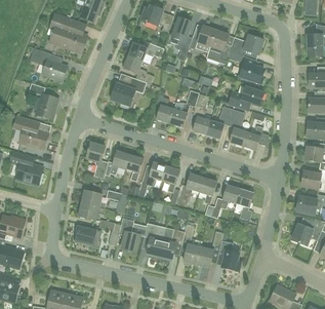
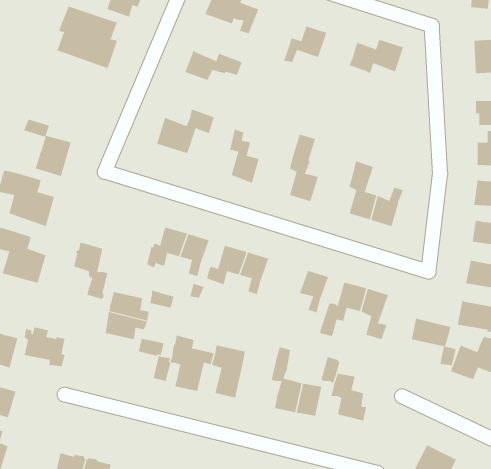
building: [171,16,191,61] -> none
building: [205,30,231,64] -> none
building: [29,47,67,80] -> none
building: [236,53,262,82] -> none
building: [122,54,153,83] -> none
building: [228,85,263,109] -> none
building: [169,89,198,127] -> none
building: [205,106,233,139] -> none
building: [85,142,107,178] -> [73,242,108,300]
building: [175,172,203,205] -> none
building: none -> [411,318,456,366]
building: [75,223,100,247] -> [24,327,65,367]
building: [159,227,184,259] -> none

